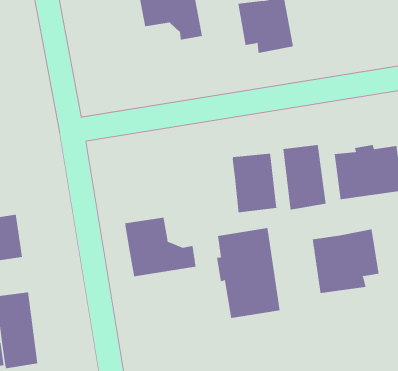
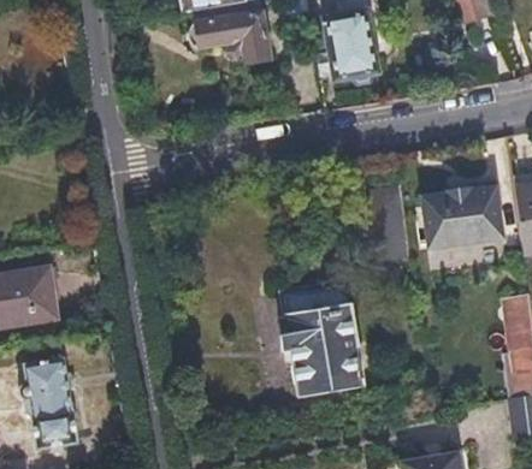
building: [232,153,277,213] -> none
building: [124,217,196,277] -> none
building: [312,228,379,294] -> none

